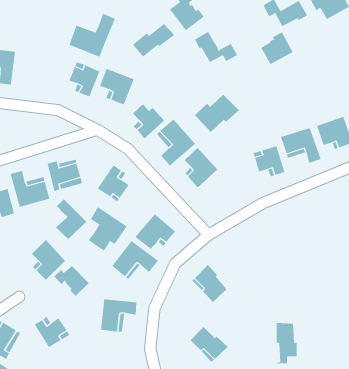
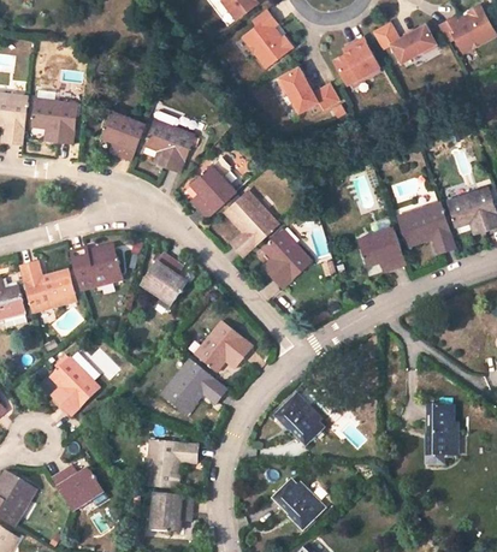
building: [69,13,115,57] -> none
building: [132,23,175,58] -> none
building: [261,31,293,65] -> [332,37,378,84]
building: none -> [32,100,76,143]
building: [194,94,240,133] -> none
building: [55,198,87,240] -> none
building: [88,206,128,252] -> none
building: [54,265,89,297] -> none
building: [276,323,297,364] -> [426,406,456,464]
building: none -> [152,493,193,534]

